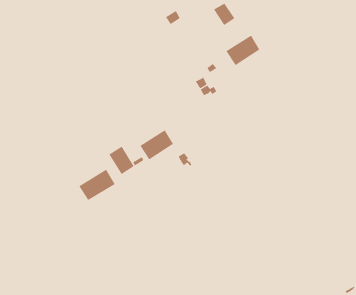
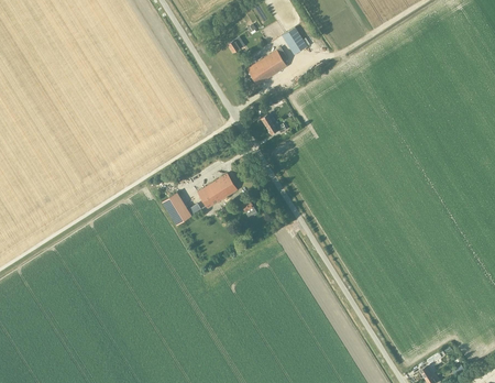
building: [226,35,260,66] -> [246,50,286,85]
building: [78,169,115,201] -> none

